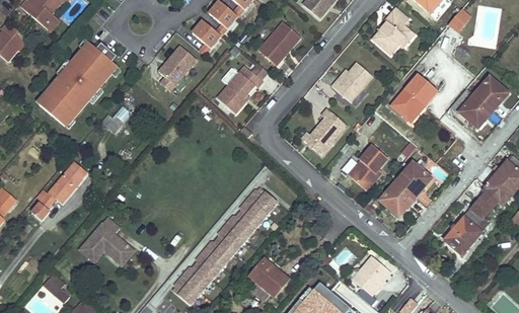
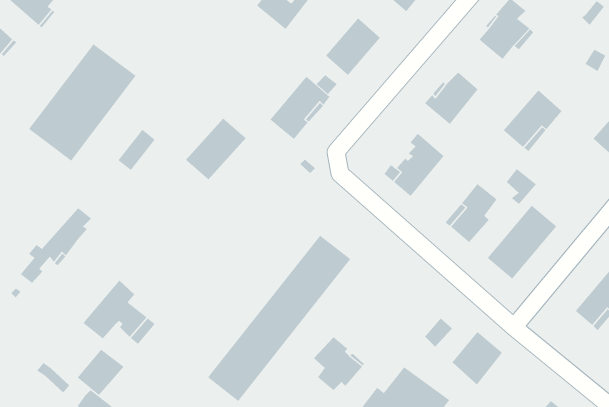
building: [192,19,222,56] -> none
building: [152,45,198,91] -> [185,118,246,180]
building: none -> [77,349,124,396]

